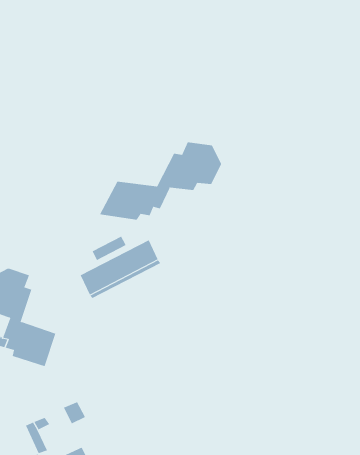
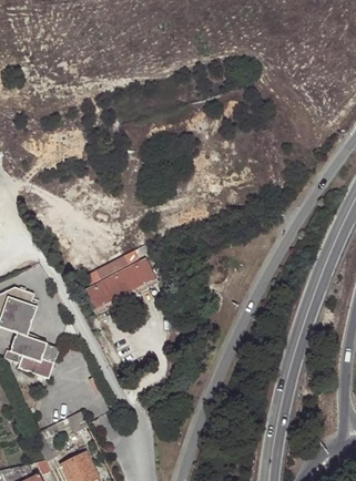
building: [99,141,222,220] -> none

